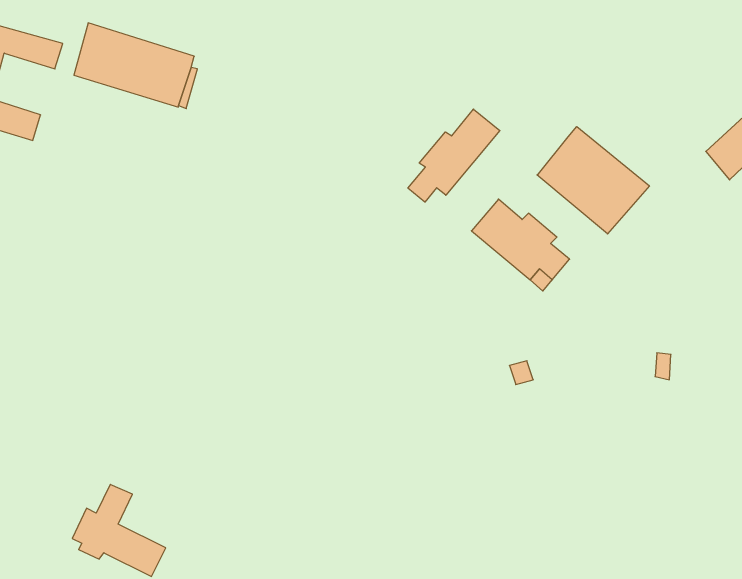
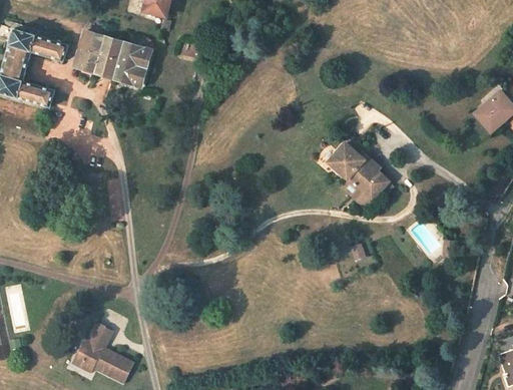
building: [408,109,500,202] -> none
building: [537,127,649,234] -> none

